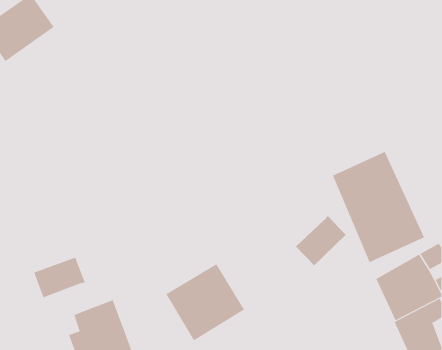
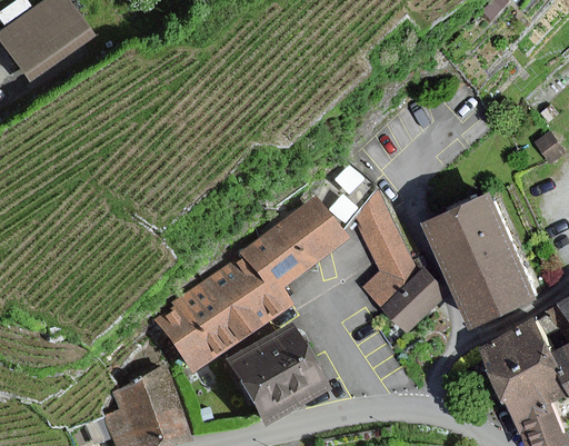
building: none -> [355,191,420,306]
building: none -> [156,198,343,370]
building: [33,257,85,298] -> none

